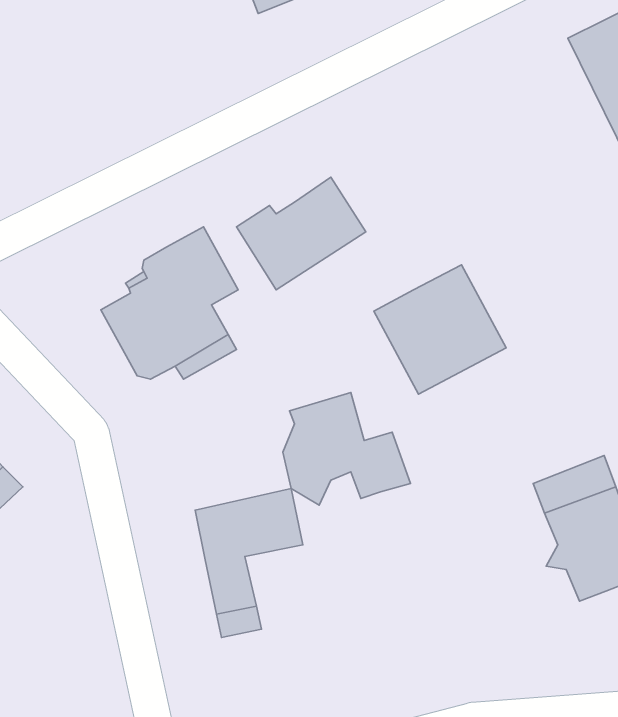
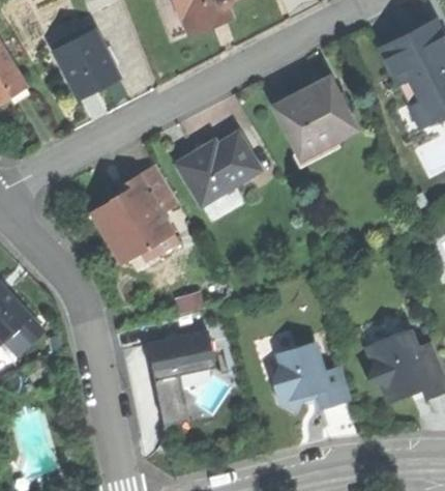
building: none -> [53,30,120,99]
building: [374,265,506,394] -> [271,78,354,158]
building: [283,392,410,505] -> [274,340,354,410]

